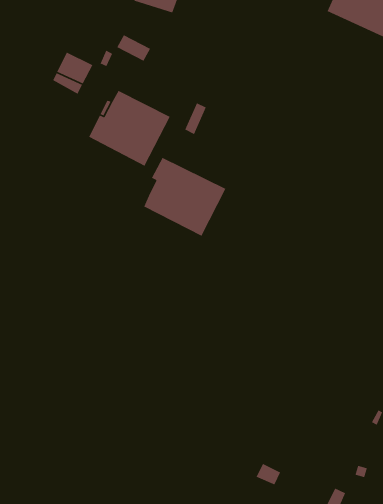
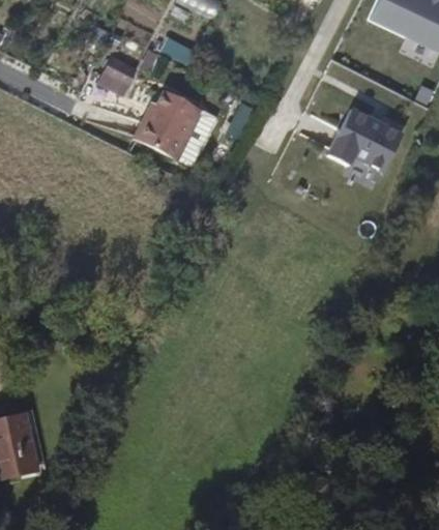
building: none -> [328,105,405,167]
building: [143,157,226,237] -> none

